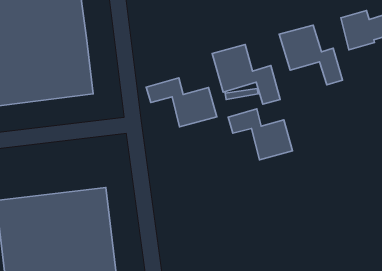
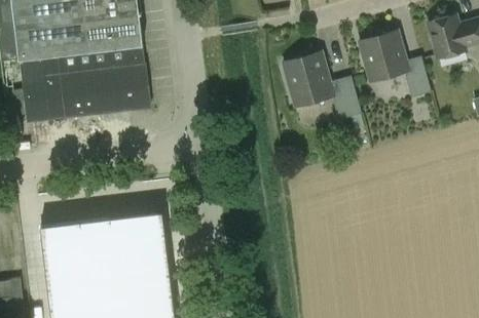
building: [146,78,217,127] -> none
building: [228,109,292,160] -> none

